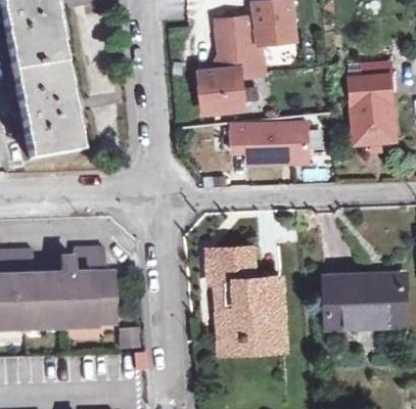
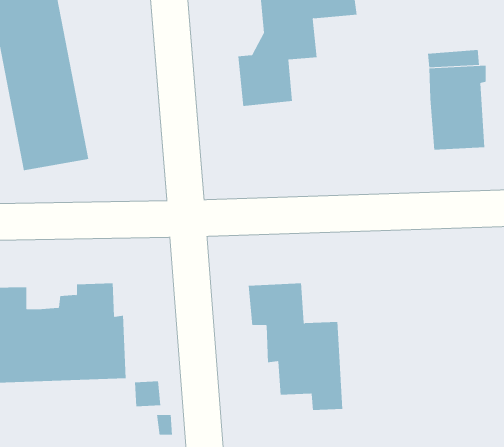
building: [232,123,311,165] -> none
building: [325,276,405,328] -> none
building: [218,282,261,354] -> none

